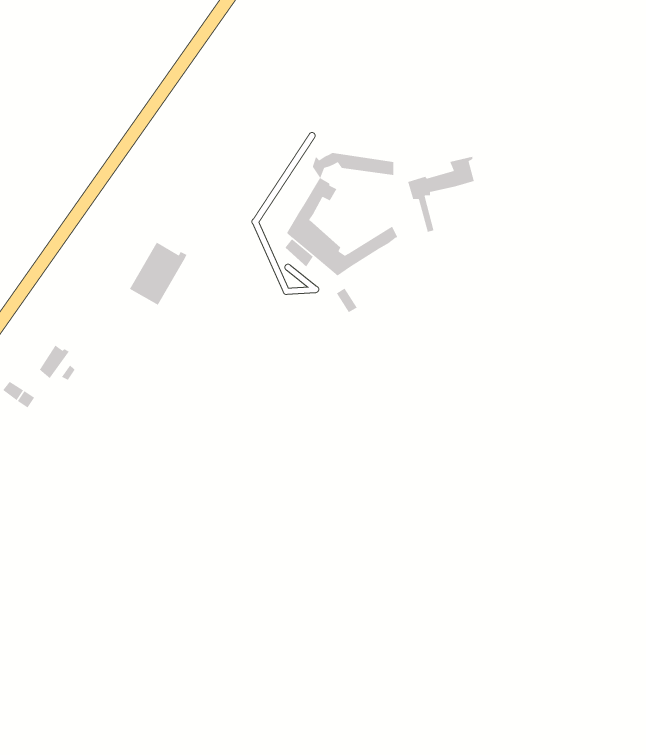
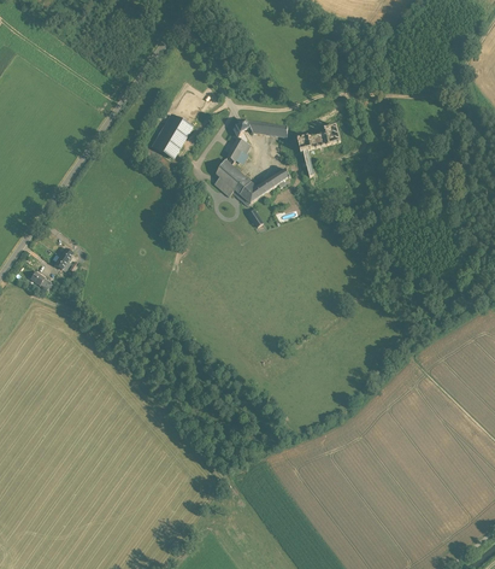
building: [129,242,187,306] -> [152,115,190,157]

